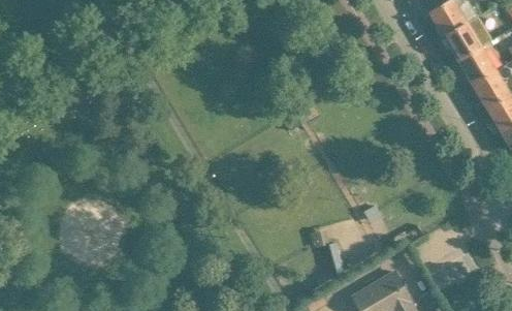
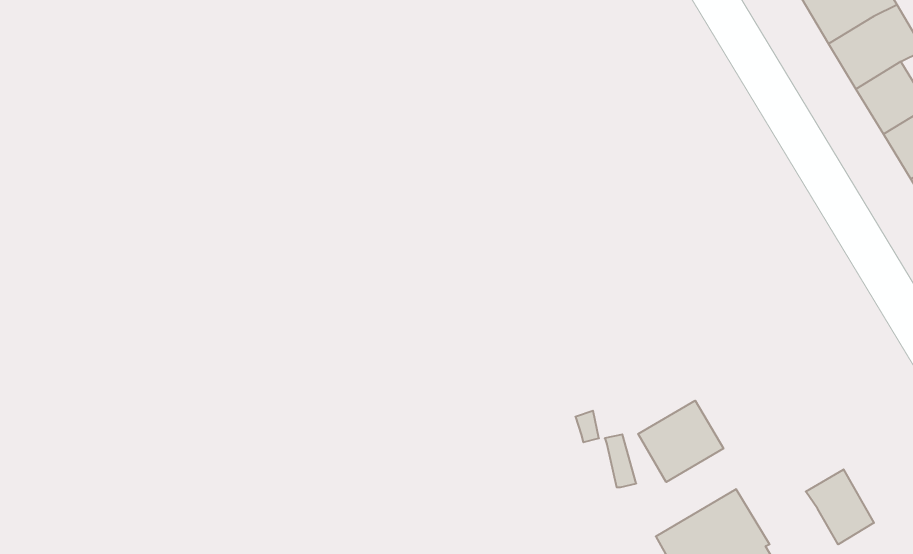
building: none -> [638,401,723,482]
building: none -> [806,469,874,544]

